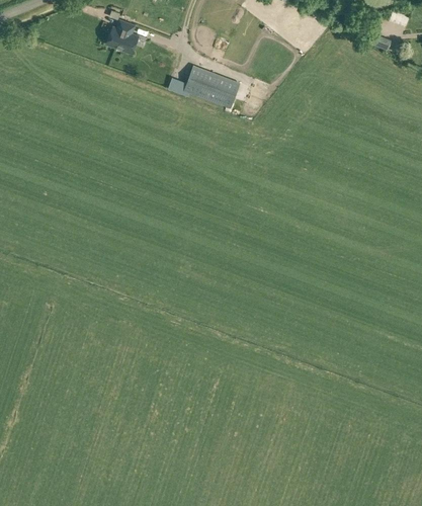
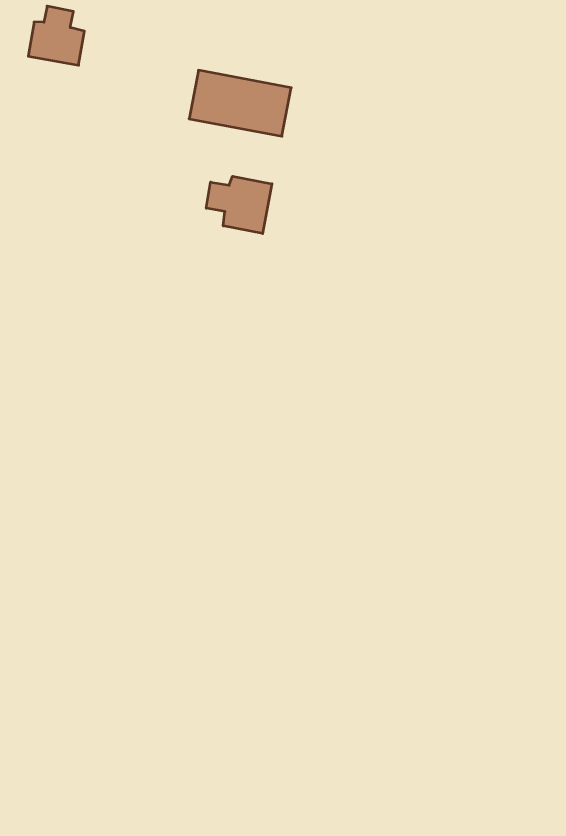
building: none -> [206,176,272,234]

